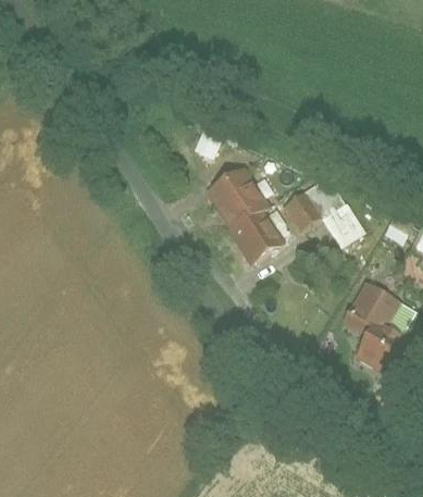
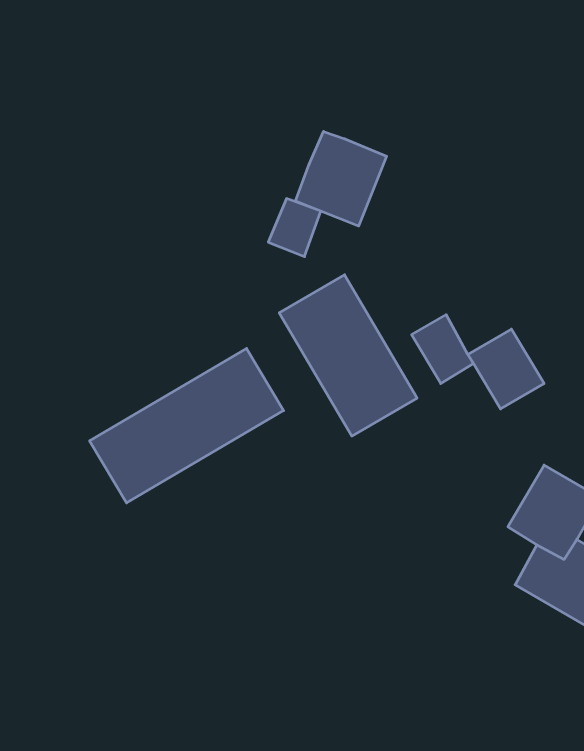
building: none -> [296,131,387,226]
building: none -> [90,348,284,503]

